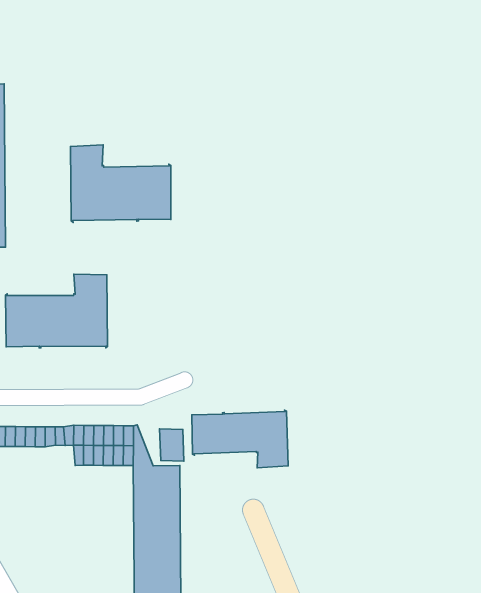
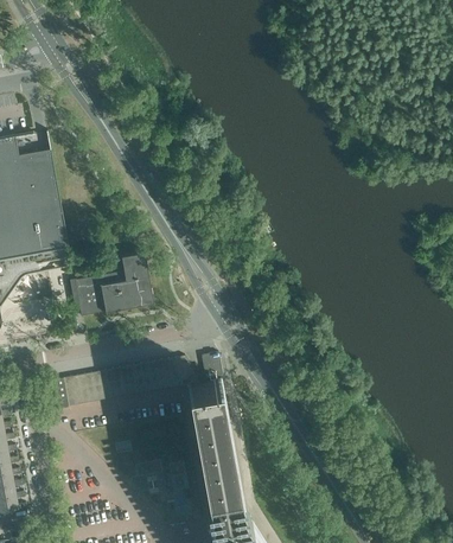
building: [71,145,171,222] -> none
building: [192,410,288,468] -> none

